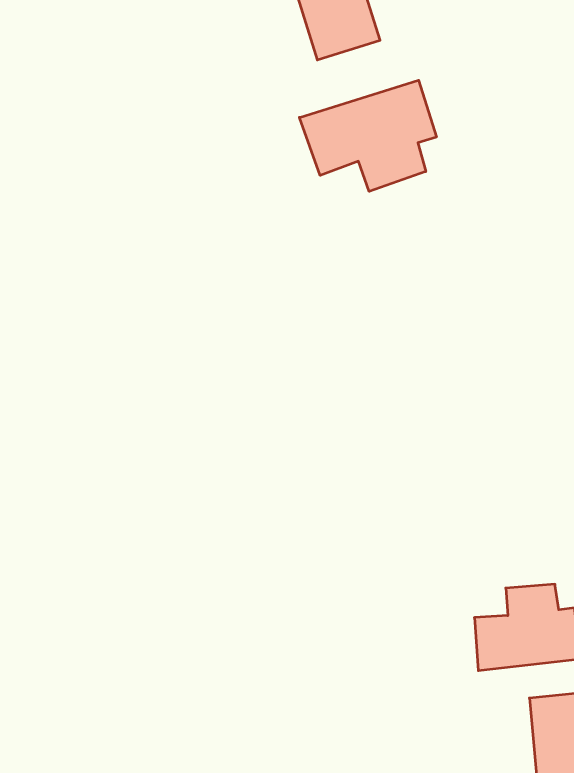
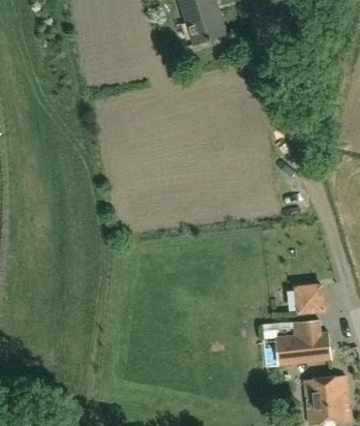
building: [299,80,436,191] -> none
building: none -> [295,284,322,312]

